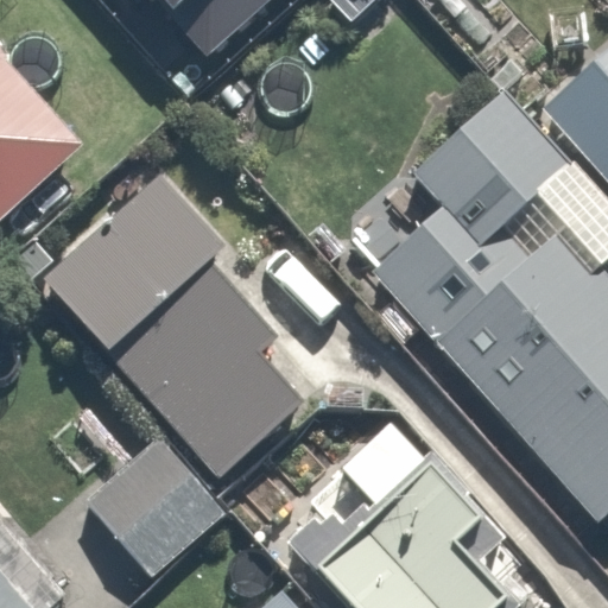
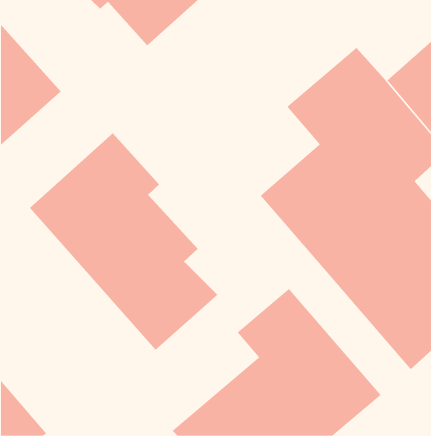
building: [74,429,228,582] -> none

